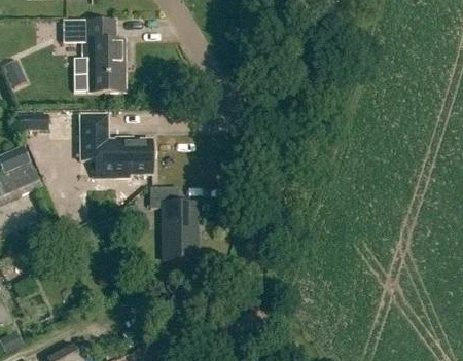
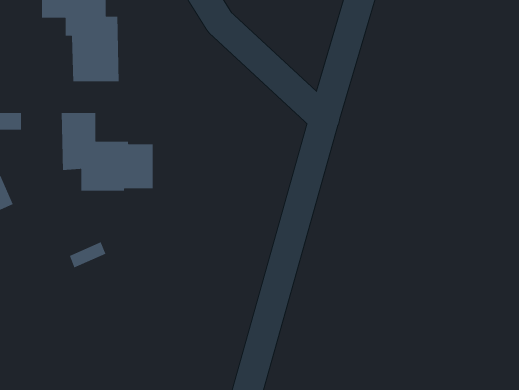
building: [149,185,197,258] -> none

